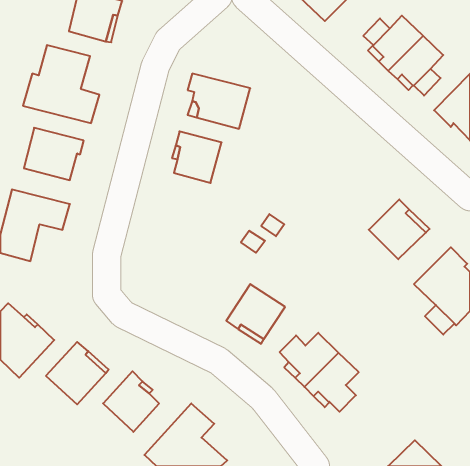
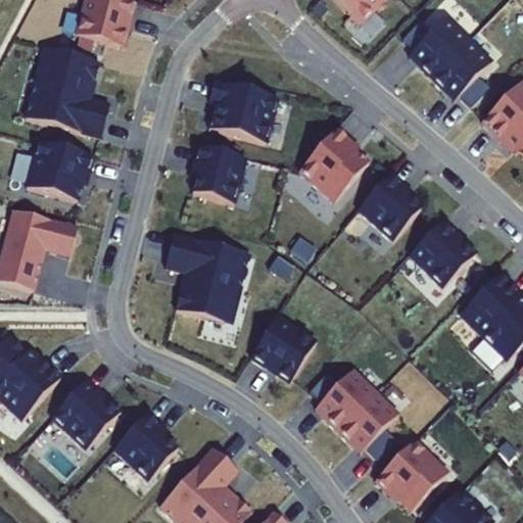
building: none -> [299,129,369,202]
building: none -> [359,174,421,241]
building: none -> [165,234,249,322]
building: none -> [375,439,448,510]

